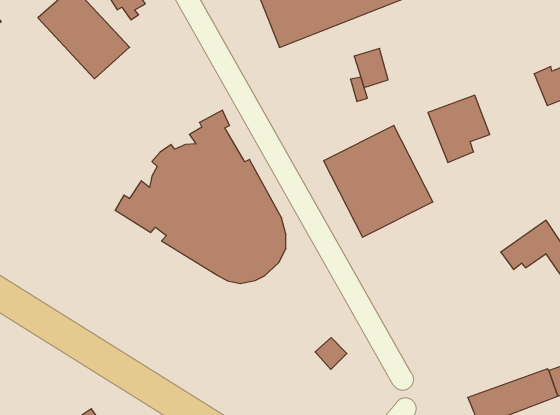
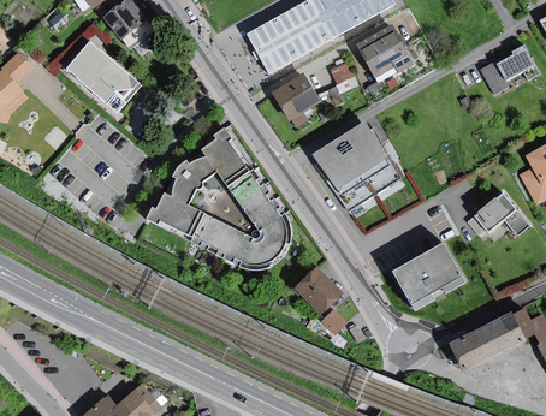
building: none -> [272,76,321,130]
building: [428,95,490,162] -> [357,29,410,87]
building: none -> [391,242,463,309]
building: none -> [296,269,333,307]

